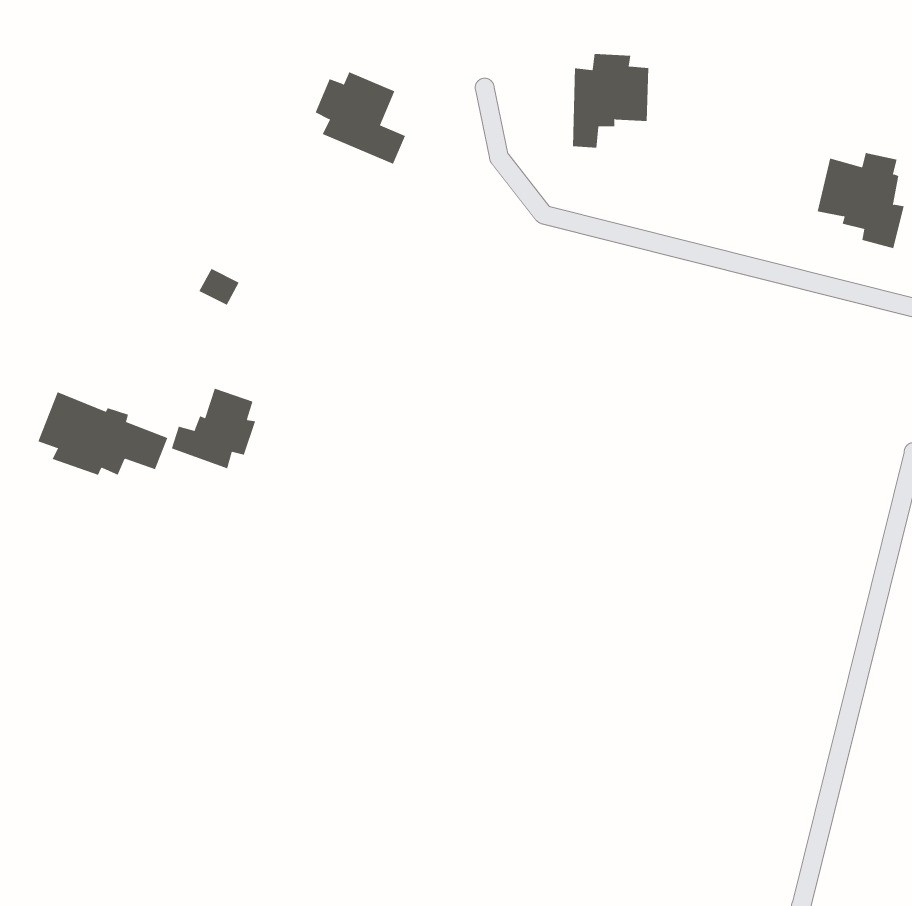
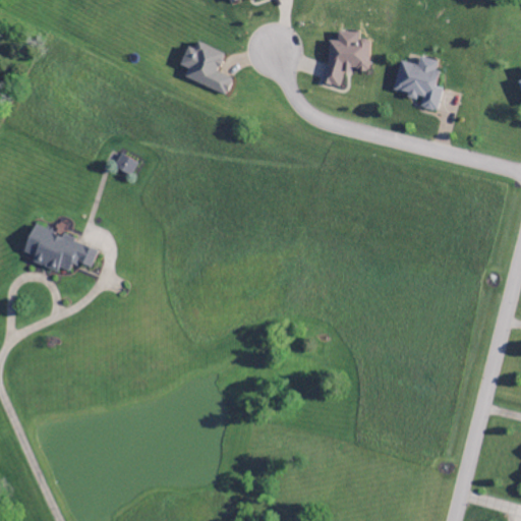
building: [817,152,905,249] -> [394,56,444,111]
building: [171,388,256,469] -> none

